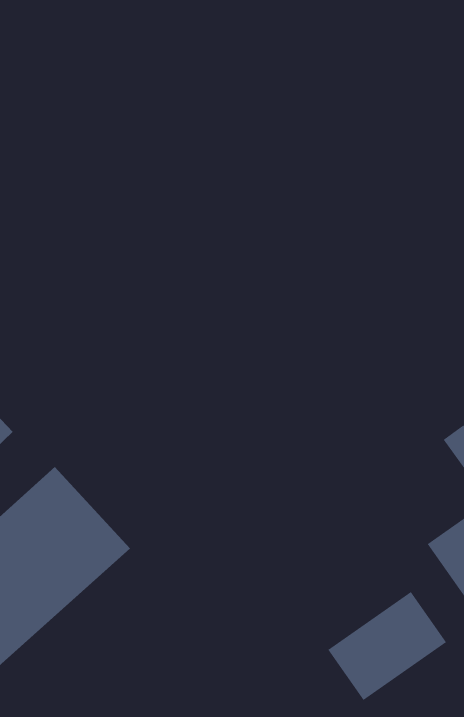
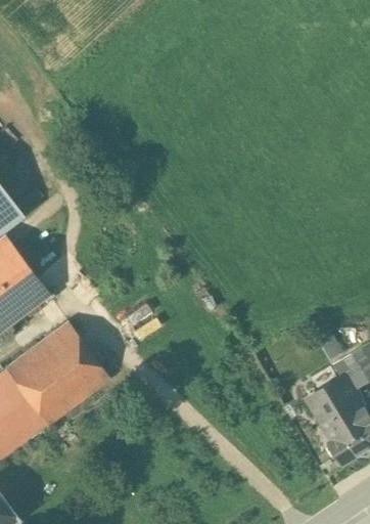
building: [327,591,447,701] -> none

